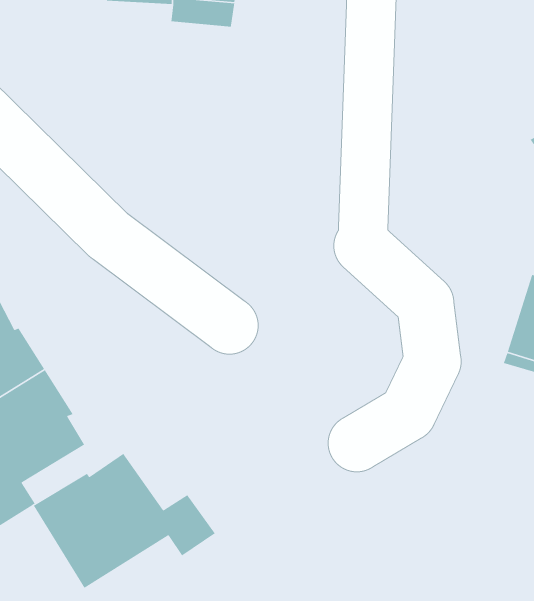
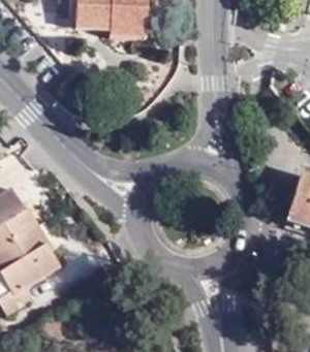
building: [33,453,216,589] -> none

